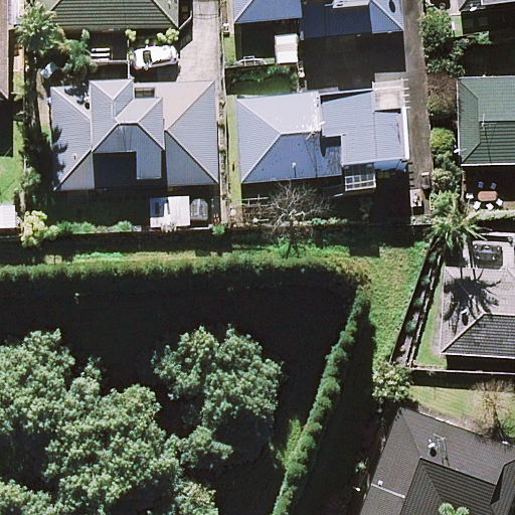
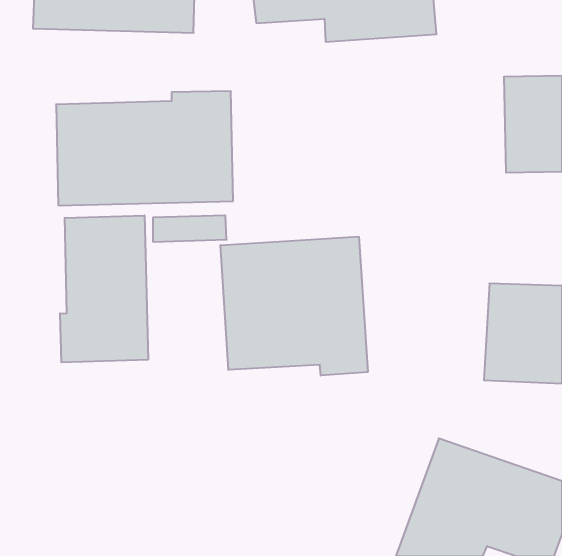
building: [235,96,401,192] -> none
building: none -> [60,215,148,362]
building: none -> [221,237,368,376]

